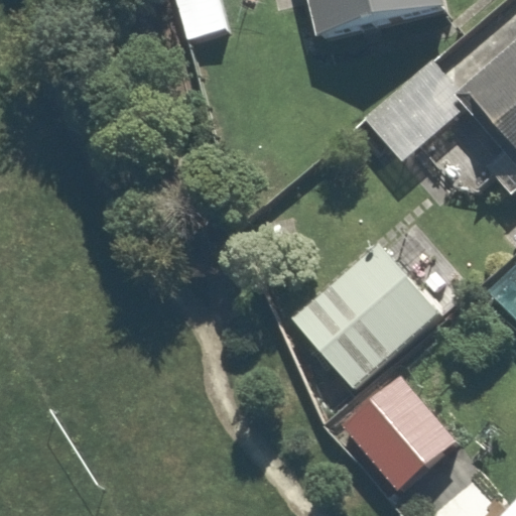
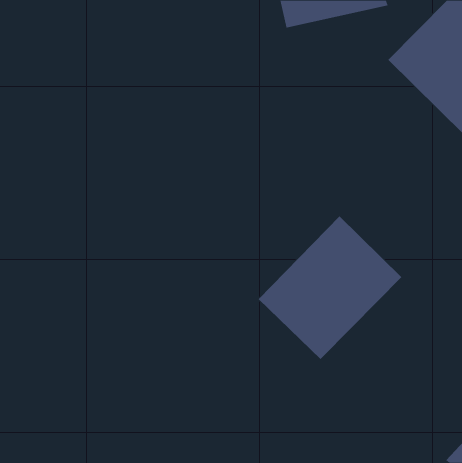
building: [328,365,470,507] -> none

